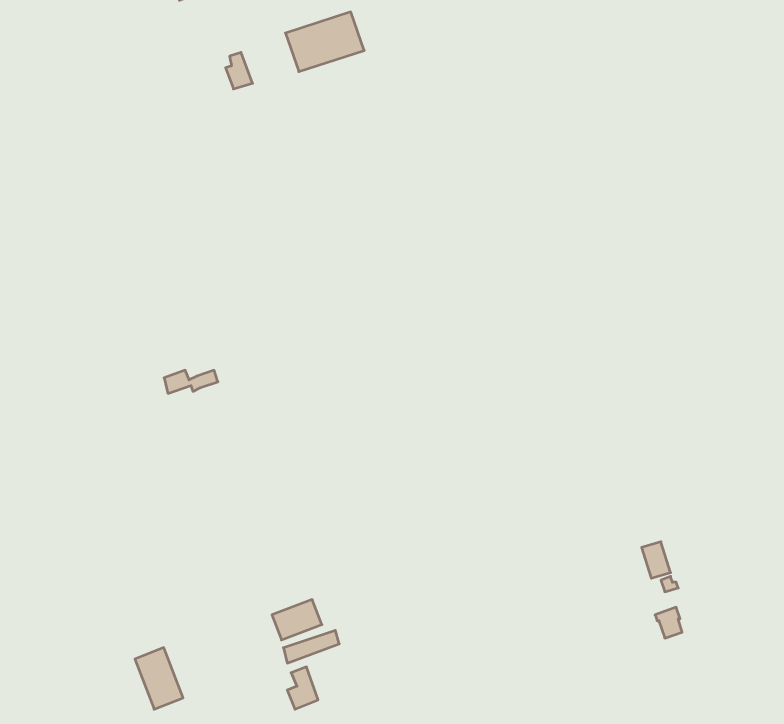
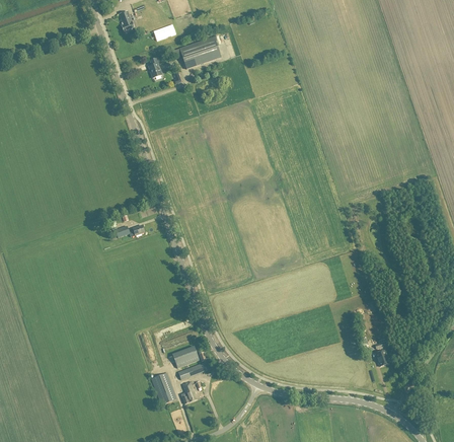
building: [135,648,183,709] -> [151,372,176,404]

